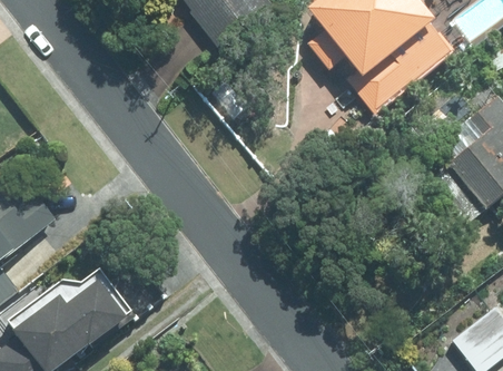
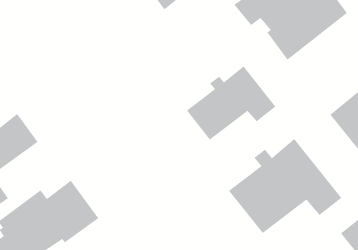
building: none -> [186,65,276,140]
building: none -> [228,138,342,234]

